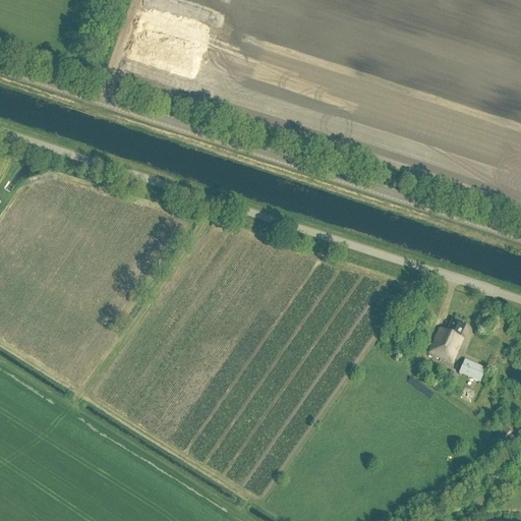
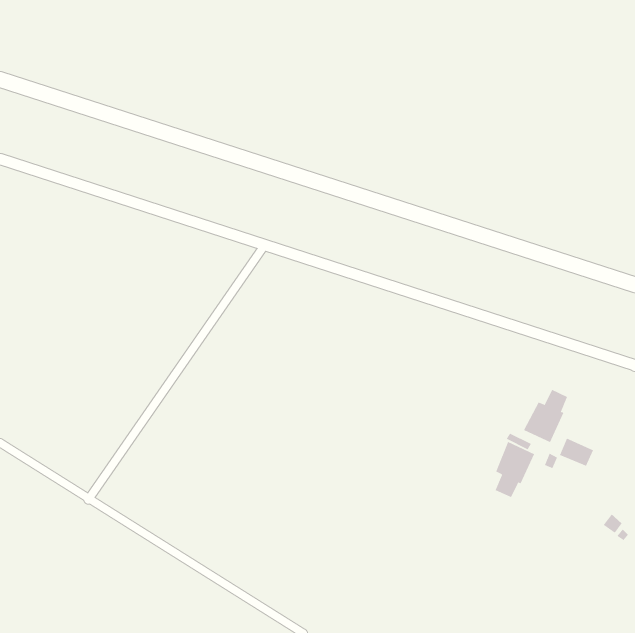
building: none -> [495,441,535,498]

